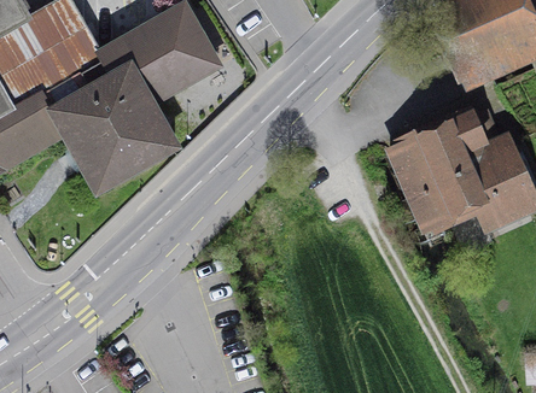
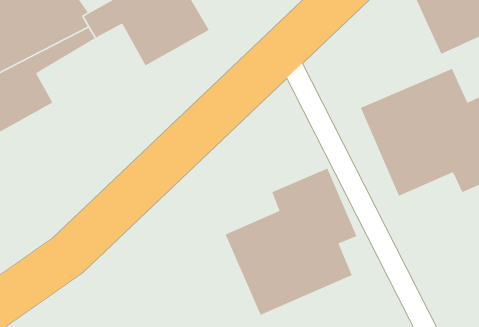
building: [46,59,185,198] -> none
building: none -> [225,167,357,316]

